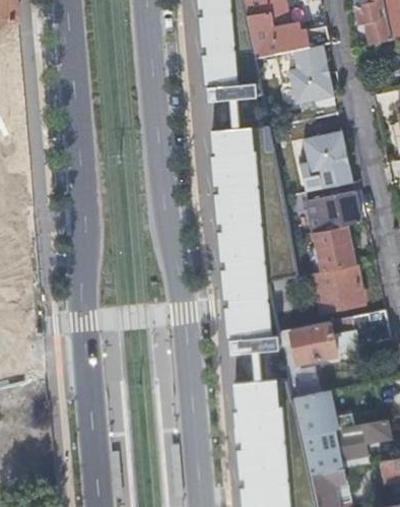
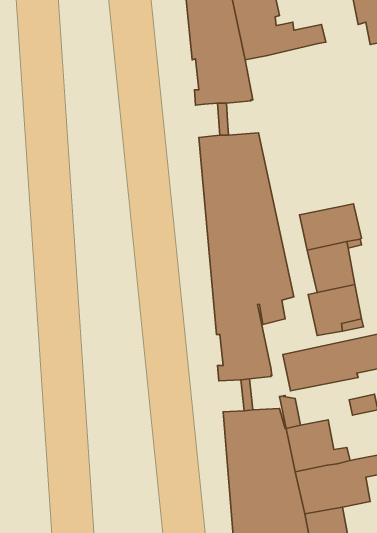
building: [273,43,331,103] -> none
building: [296,130,349,192] -> none

